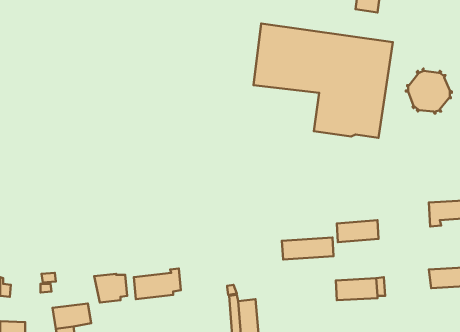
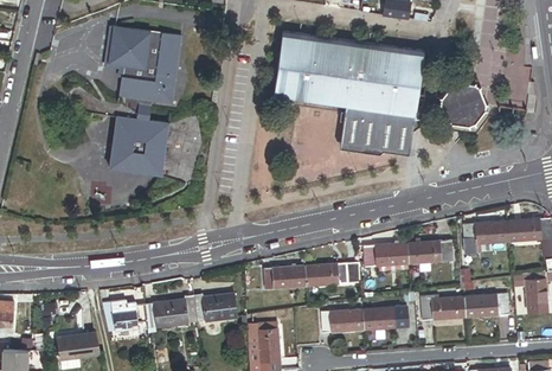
building: none -> [109,27,180,175]
building: none -> [407,239,454,263]
building: none -> [263,266,306,289]
building: none -> [193,294,236,322]
building: none -> [421,295,466,320]
building: none -> [321,308,364,333]

